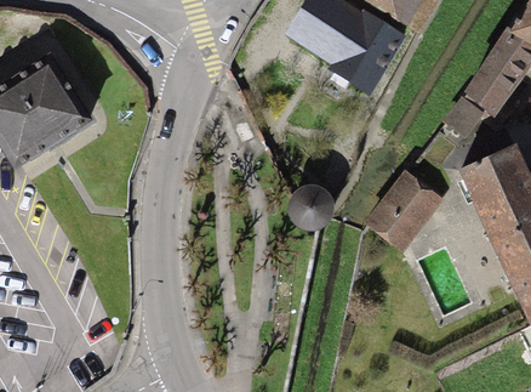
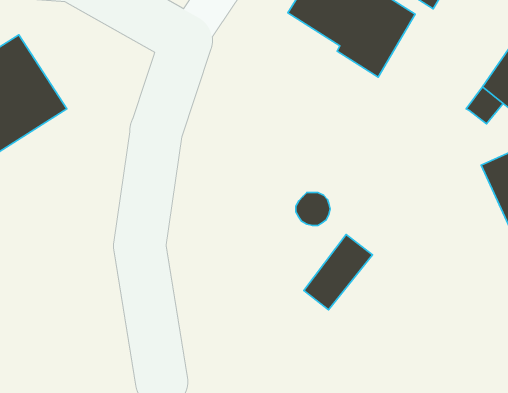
building: [369,171,429,238] -> [304,234,372,310]

